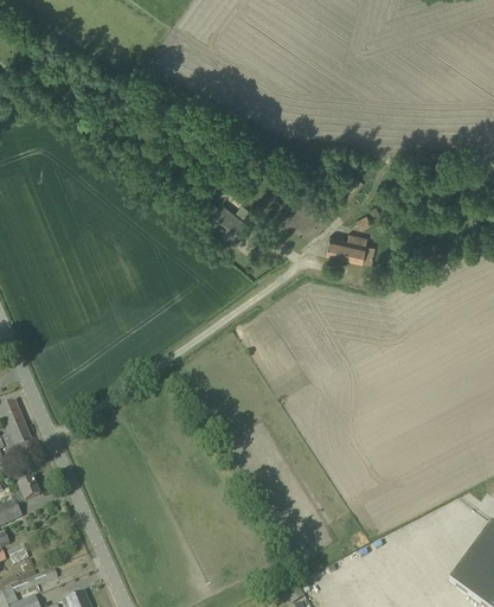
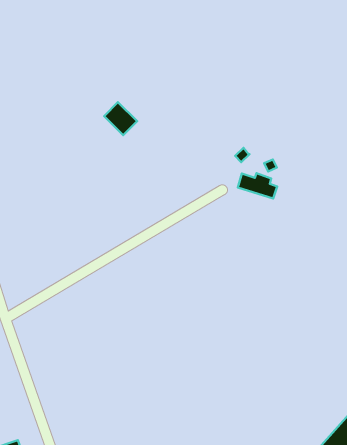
building: [206,203,248,243] -> [104,102,137,135]

